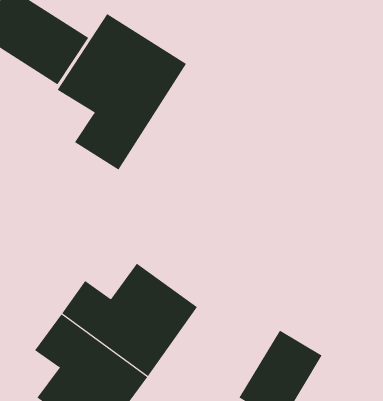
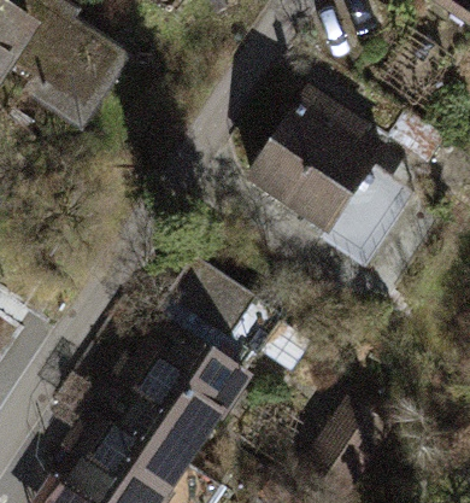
building: [57,13,187,170] -> none
building: none -> [252,99,395,241]

